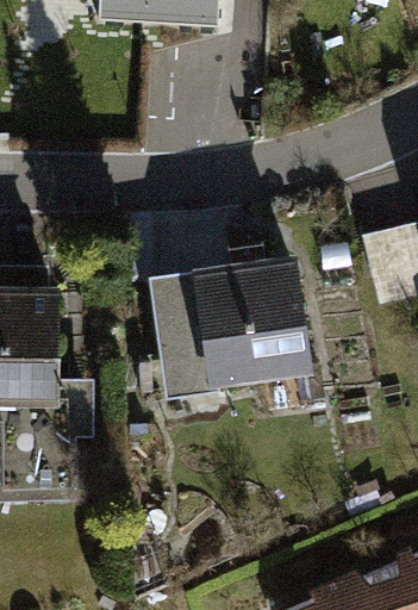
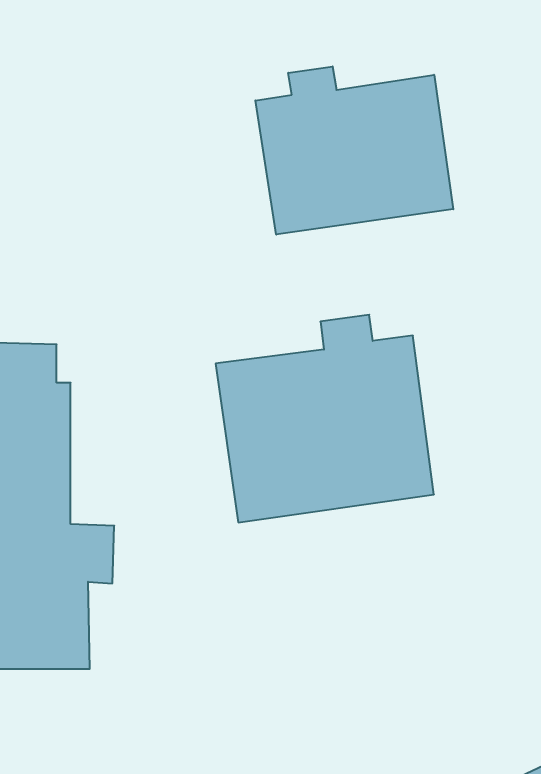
building: none -> [255,66,453,235]

